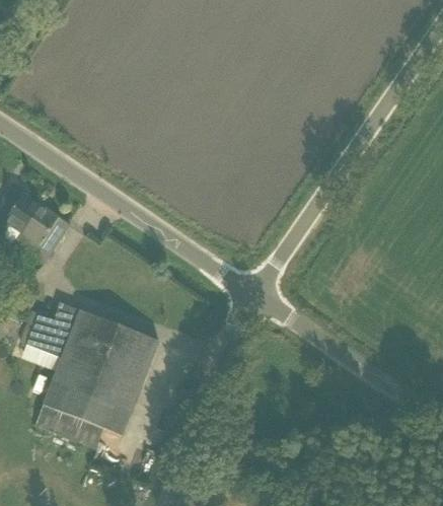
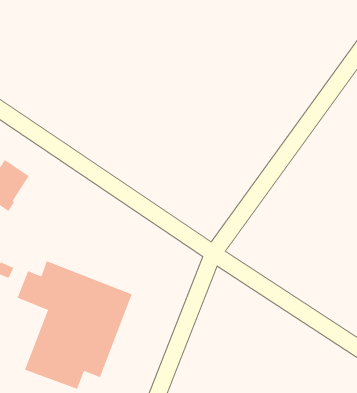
building: [15,205,68,264] -> none

